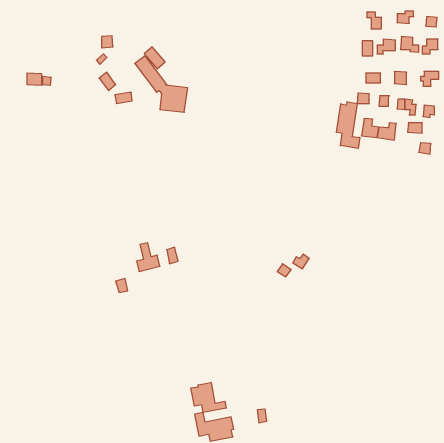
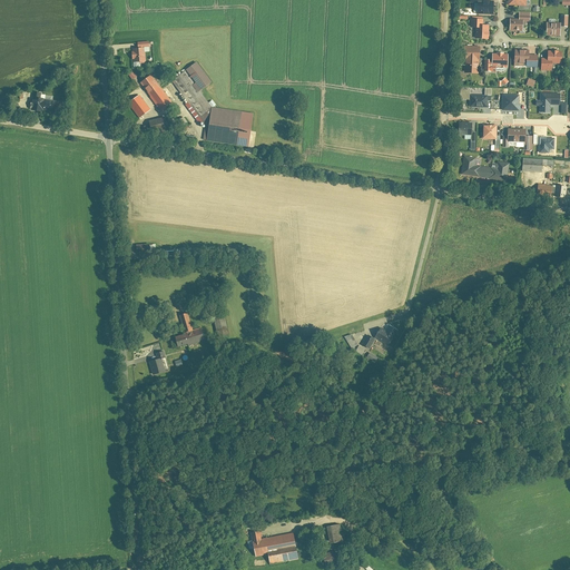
building: none -> [139,72,171,108]
building: [336,102,360,148] -> none
building: [191,382,226,413] -> none

